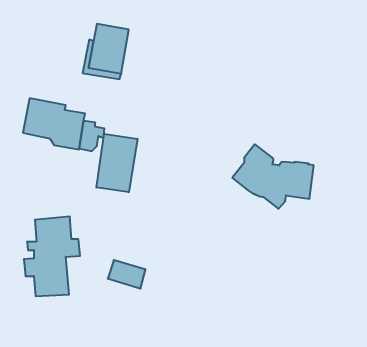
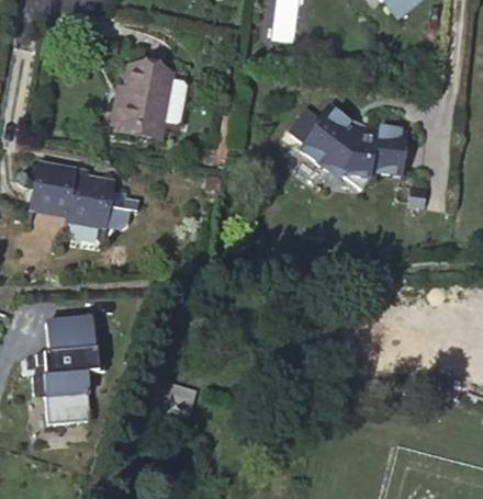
building: [96,134,137,192] -> none
building: [232,144,314,209] -> [300,99,406,183]

